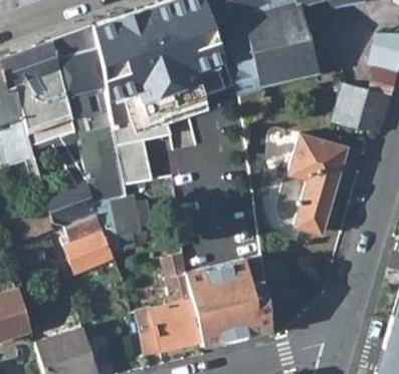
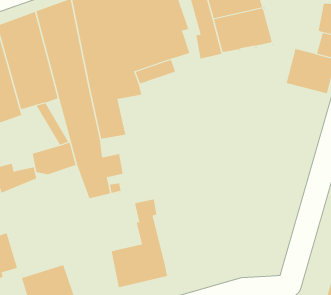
building: [276,133,347,234] -> none
building: [61,215,113,274] -> none
building: [184,255,269,346] -> none

